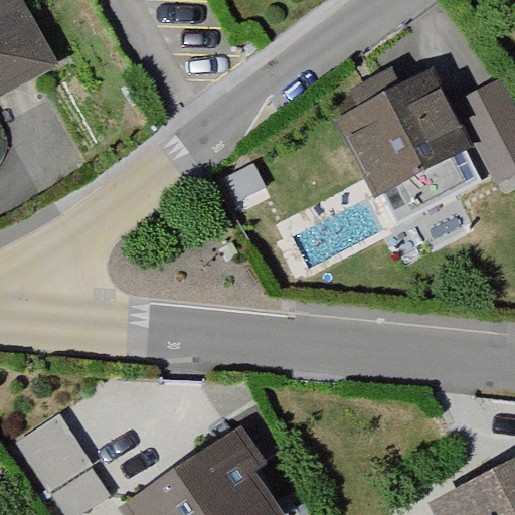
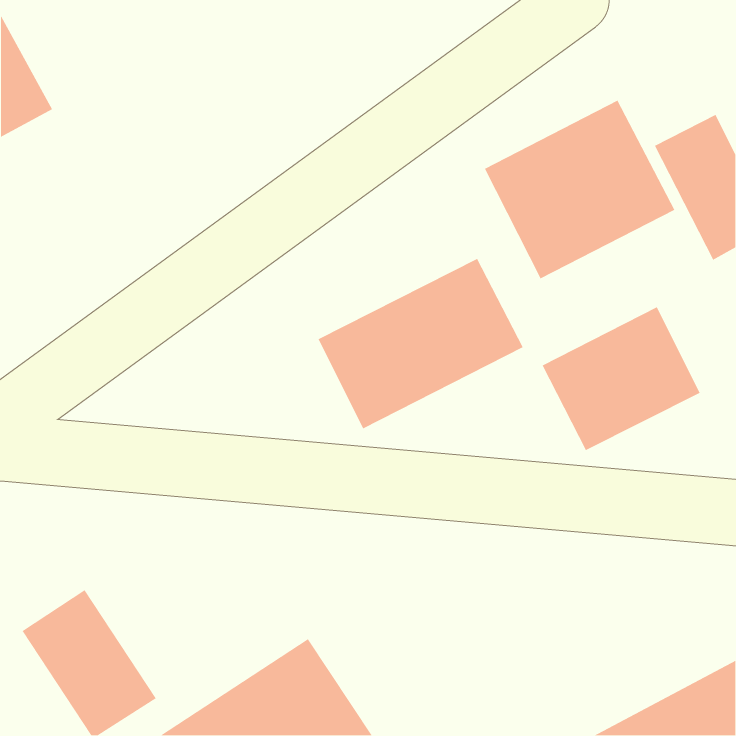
building: none -> [318,258,524,430]
building: none -> [541,306,701,451]

